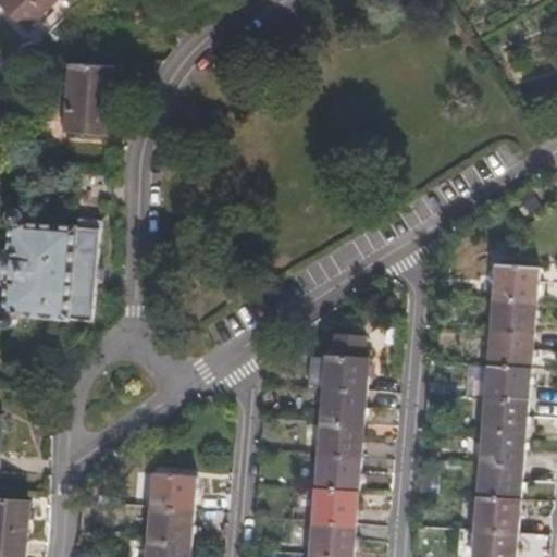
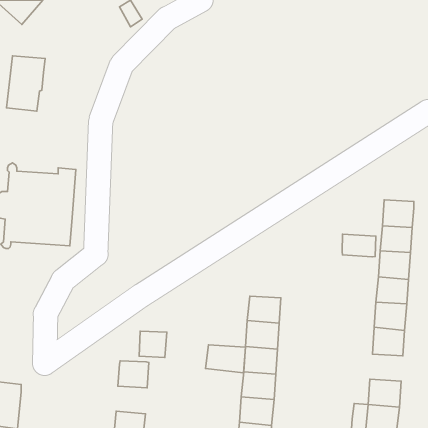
building: [62,64,112,136] -> [7,56,45,111]
building: none -> [342,234,376,257]
building: [323,351,367,387] -> none
building: none -> [139,331,167,357]
building: none -> [206,345,245,373]
building: [479,460,521,495] -> none
building: [150,502,190,537] -> none

